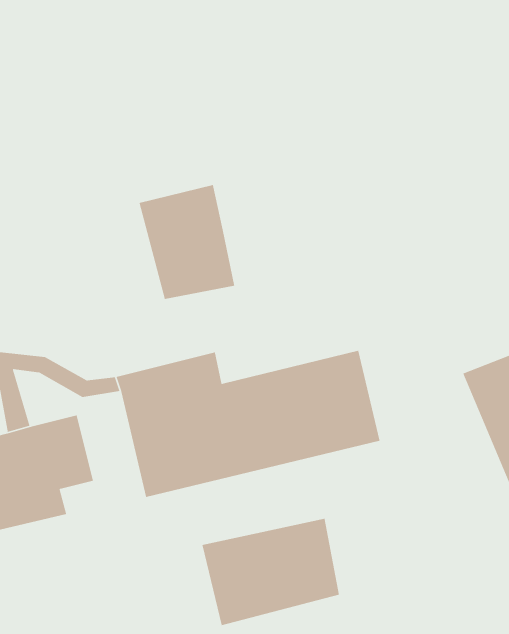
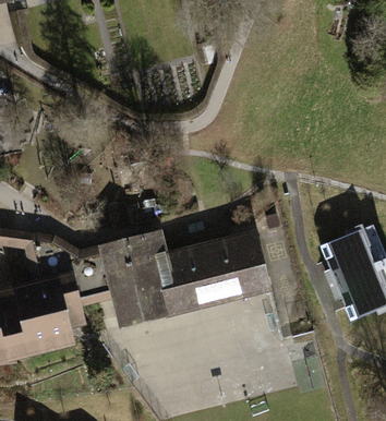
building: [138,184,235,300] -> none
building: [202,518,340,626] -> none

